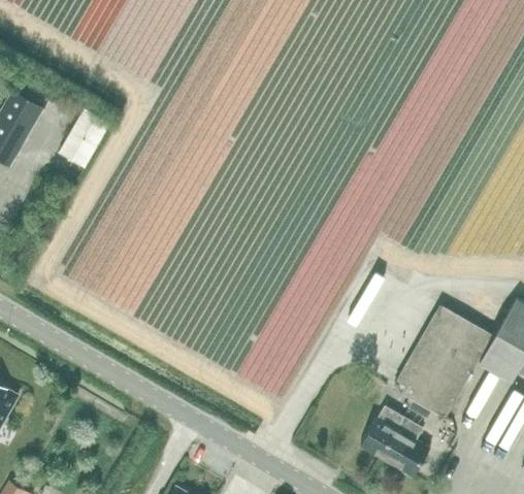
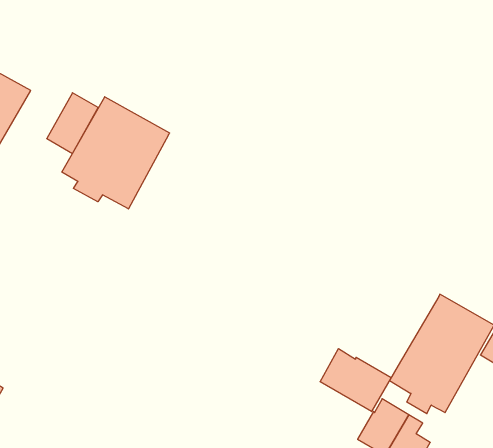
building: none -> [62,97,170,209]
building: none -> [320,349,391,412]

